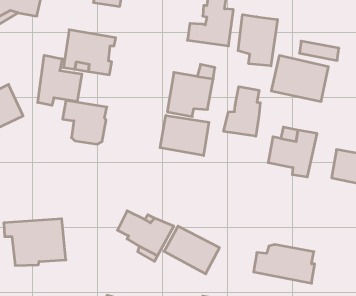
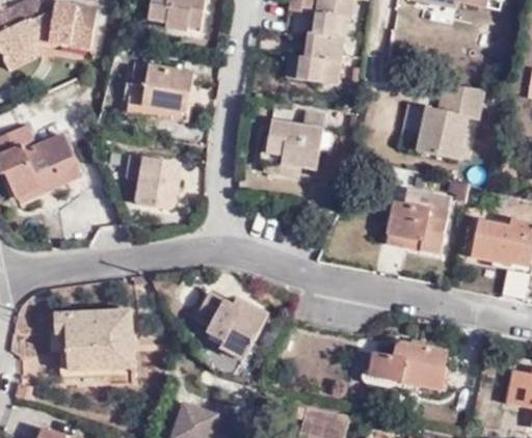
building: [238,15,277,66] -> none
building: [38,55,82,105] -> none
building: [224,87,260,136] -> none
building: [160,115,209,156] -> none
building: [164,226,219,274] -> none

